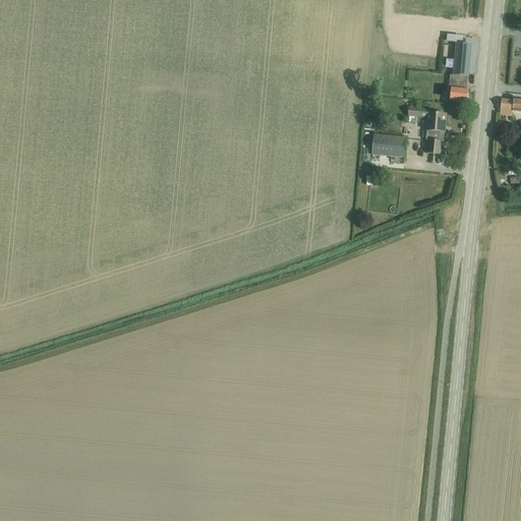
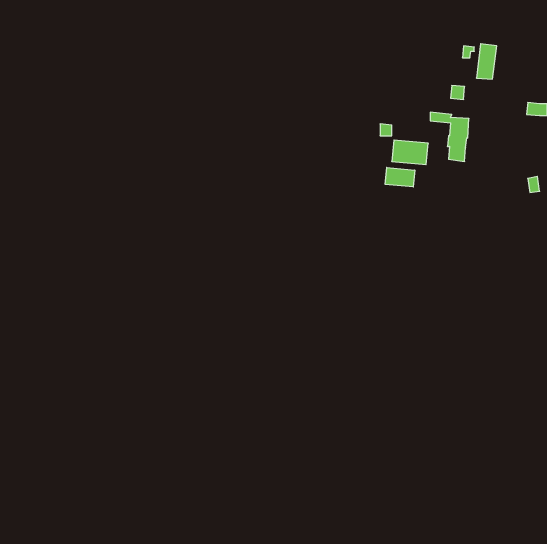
building: [449,73,469,101] -> none
building: none -> [385,167,415,187]

